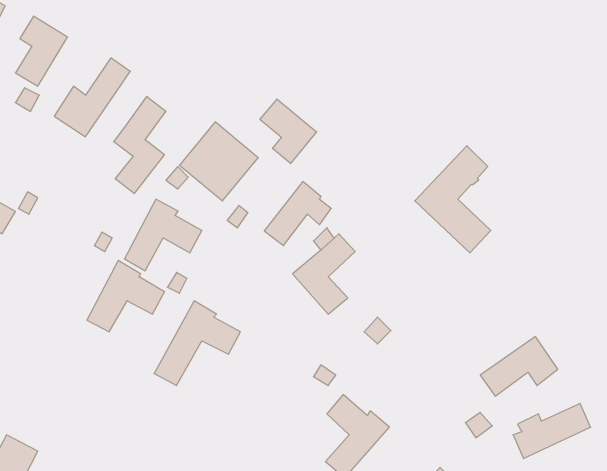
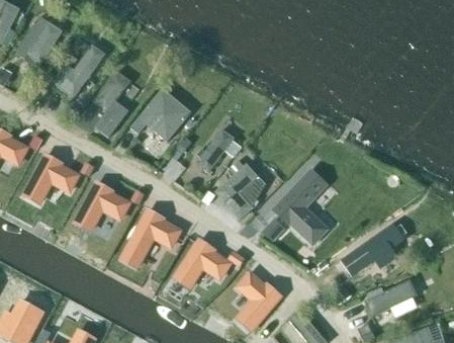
building: [260,99,317,164] -> none
building: [415,146,491,253] -> [275,171,327,244]
building: [124,199,202,271] -> [25,155,78,203]
building: none -> [175,240,230,287]

